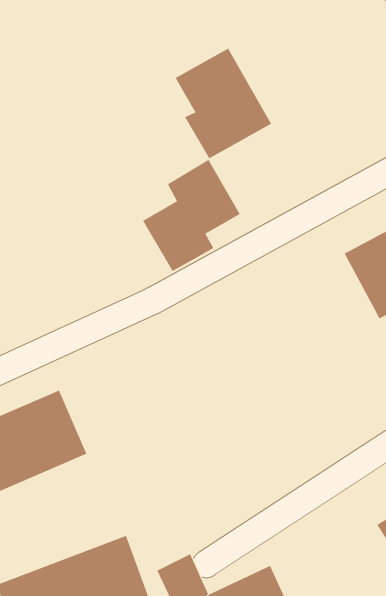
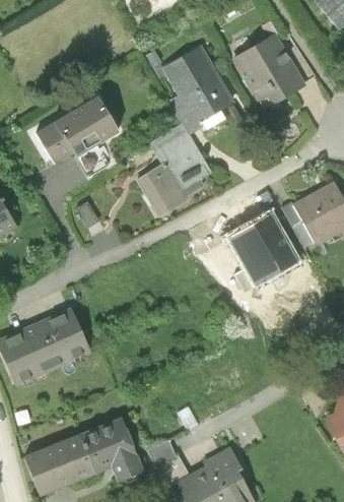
building: none -> [230,29,307,110]
building: none -> [37,99,117,166]
building: none -> [222,207,302,291]

